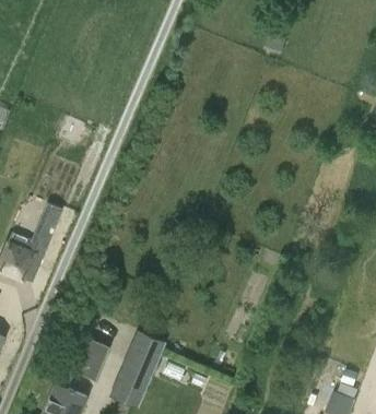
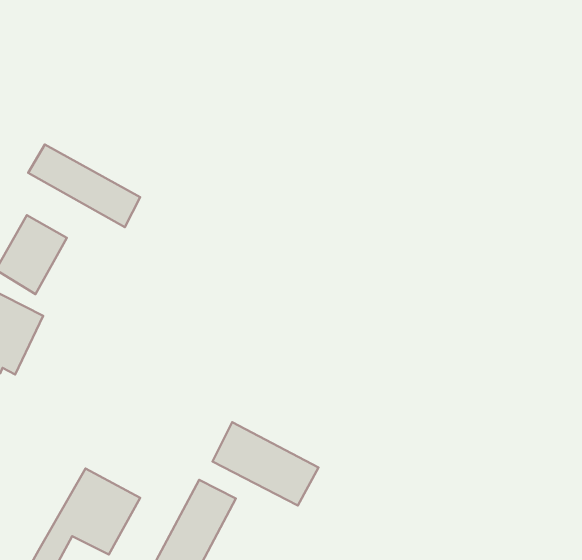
building: none -> [28,145,140,227]
building: none -> [213,422,319,505]

